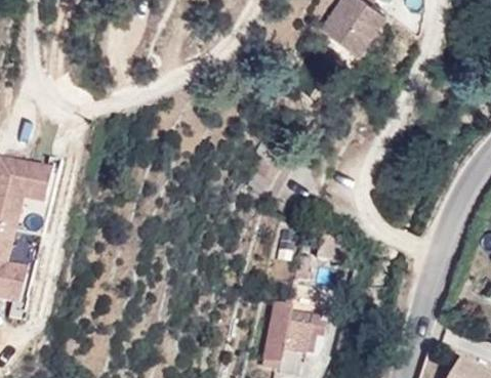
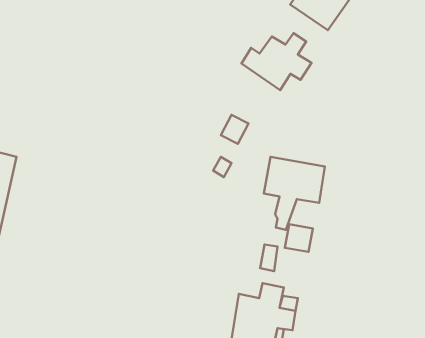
building: none -> [242,33,312,90]
building: none -> [264,157,325,230]

